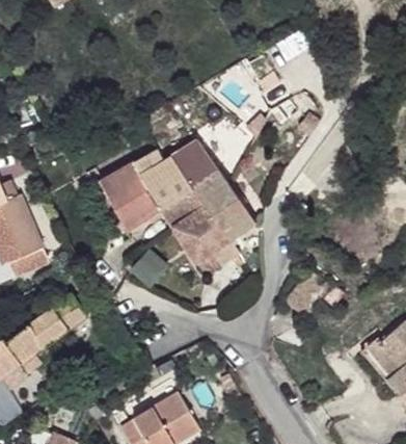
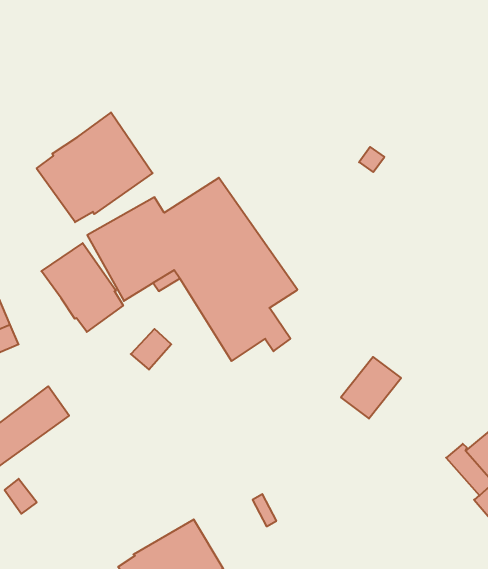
building: none -> [37,112,153,222]
building: none -> [41,243,123,332]

